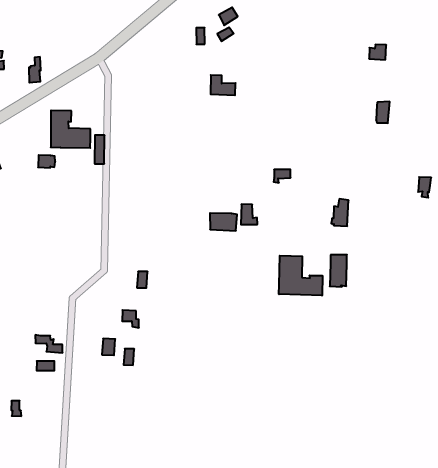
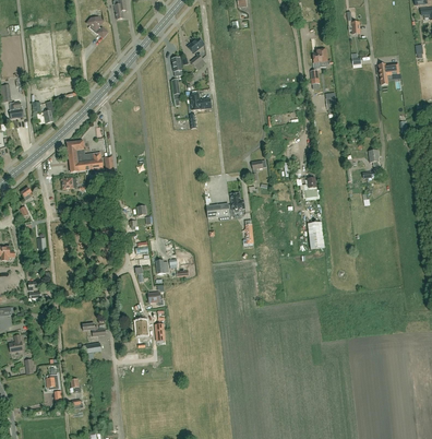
building: [279,256,322,296] -> none

